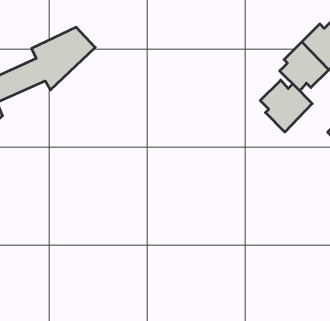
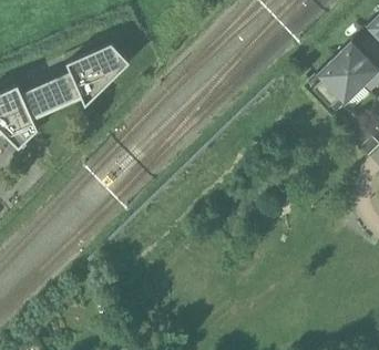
building: [260,80,312,132] -> none

